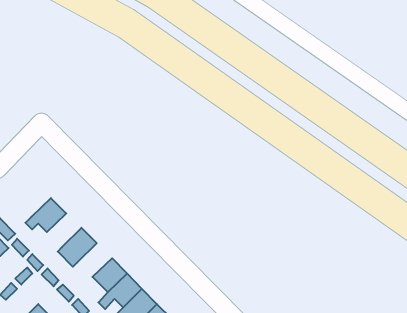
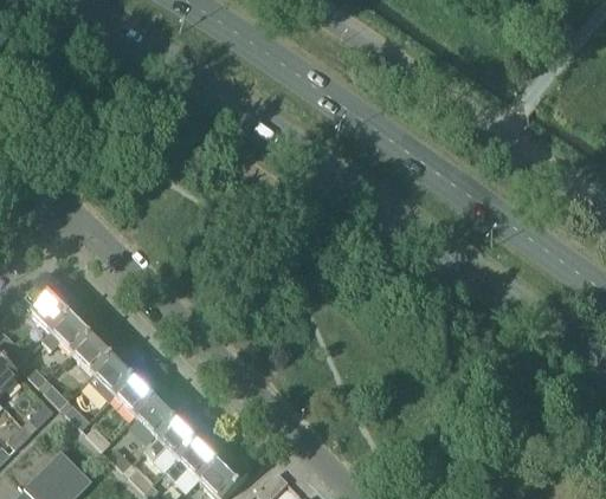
building: none -> [30,284,78,332]
building: none -> [72,328,121,375]
building: none -> [115,369,163,416]

